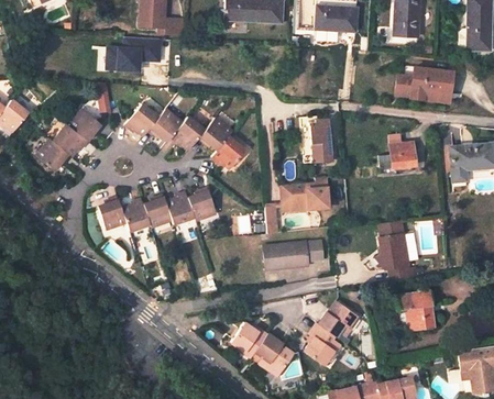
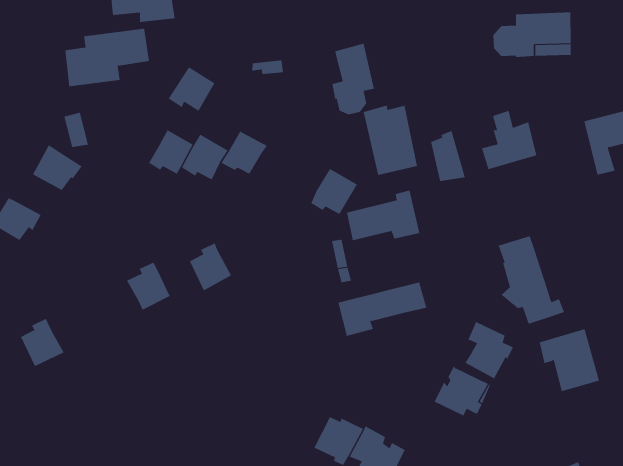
building: none -> [332,43,374,115]
building: [124,103,158,135] -> [168,66,215,112]
building: [53,123,87,155] -> none
building: [211,135,245,168] -> [311,168,358,215]
building: none -> [430,130,466,182]
building: [187,188,216,220] -> none
building: [144,193,172,226] -> none
building: [98,197,127,229] -> [20,318,65,367]
building: [305,322,340,364] -> [465,321,514,379]

